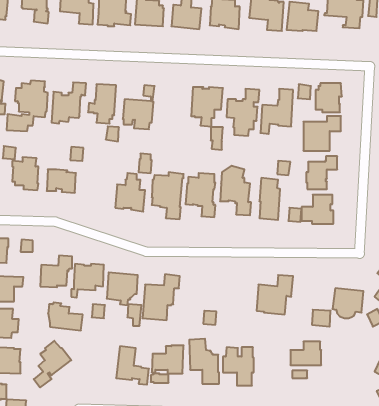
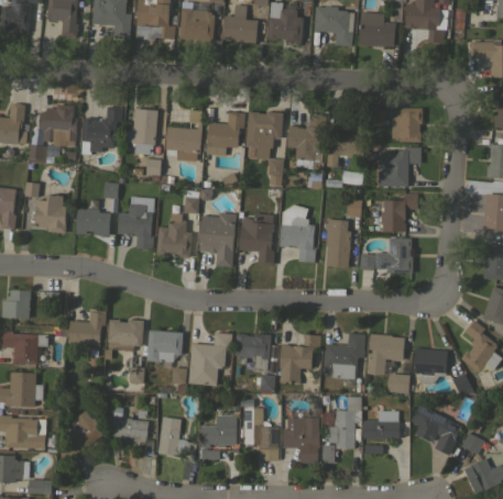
building: none -> [206,112,244,156]
building: none -> [117,197,154,250]
building: none -> [234,334,271,372]
building: none -> [280,334,320,384]
building: none -> [367,334,404,375]
building: [48,302,83,330] -> [108,407,149,440]
building: none -> [321,397,361,463]
building: none -> [411,404,461,454]

